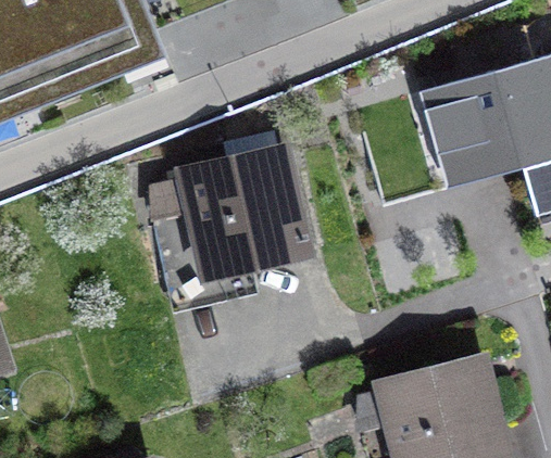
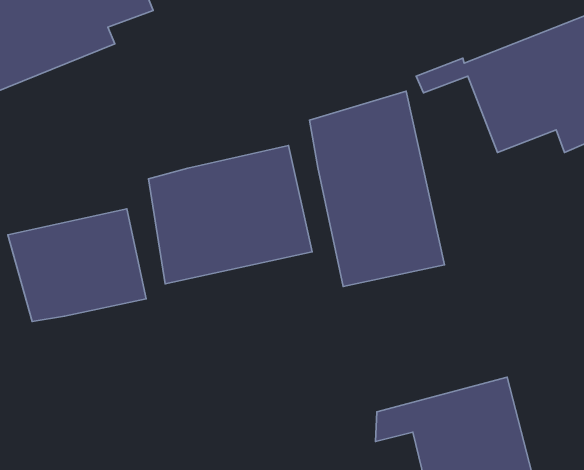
building: none -> [309,91,444,286]
building: none -> [8,209,146,321]

